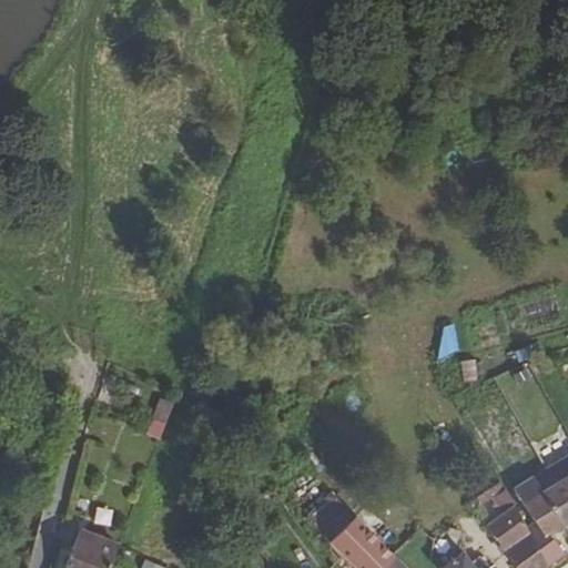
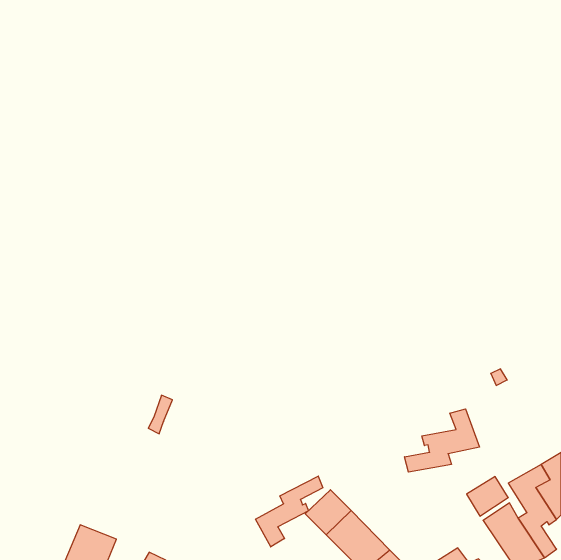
building: none -> [405,409,479,472]
building: none -> [256,476,323,547]

